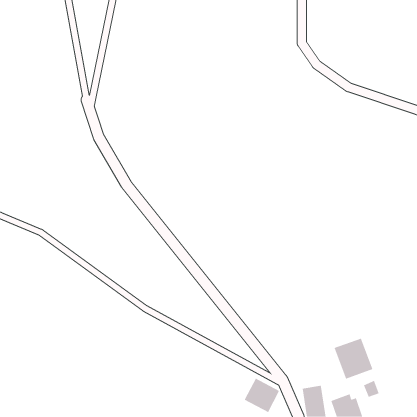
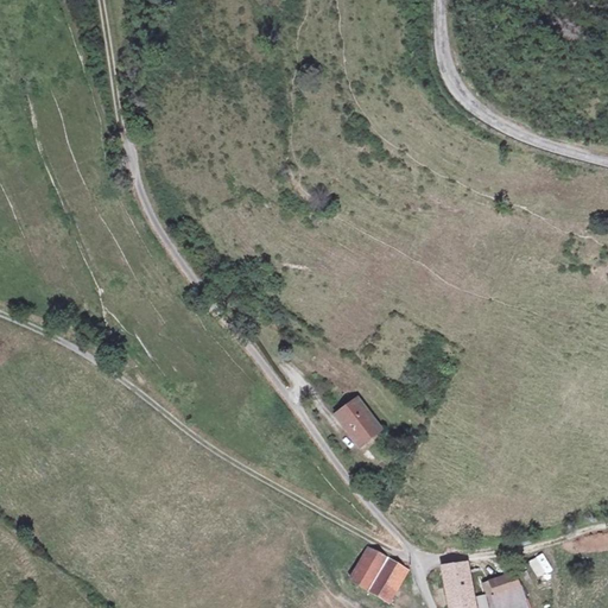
building: none -> [336,400,380,444]
building: [334,338,373,379] -> none

